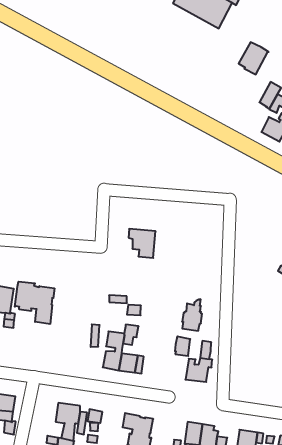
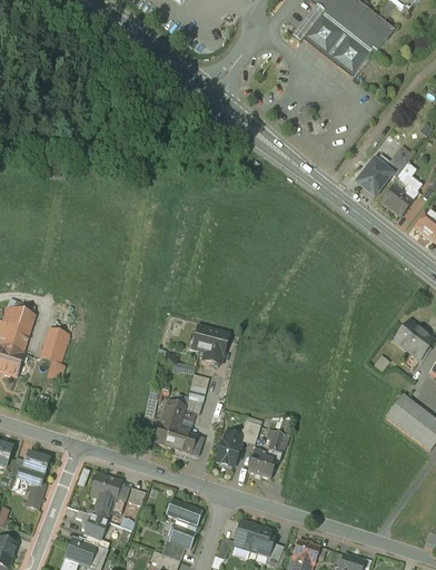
building: [239,42,269,74] -> [356,159,393,197]
building: [129,229,156,258] -> [196,325,228,363]
building: [15,282,54,324] -> none
building: [182,299,202,331] -> [216,429,242,464]

